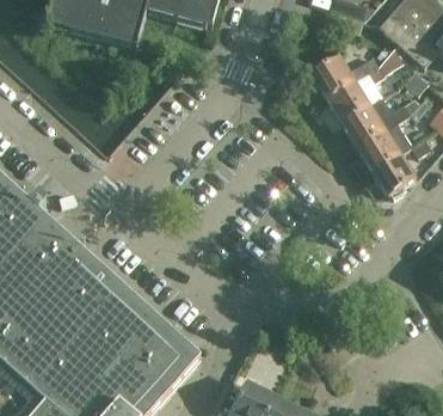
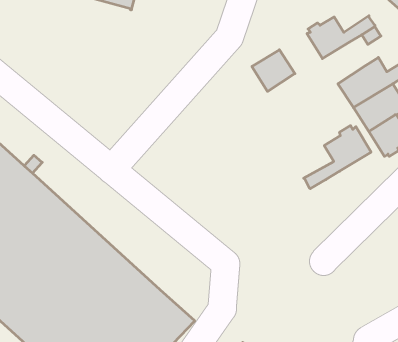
building: [327,80,370,122] -> [252,50,295,91]
building: none -> [304,126,371,189]

